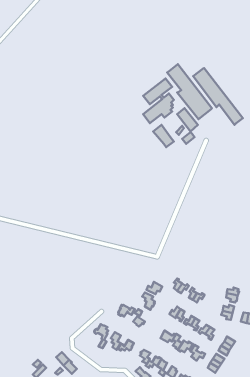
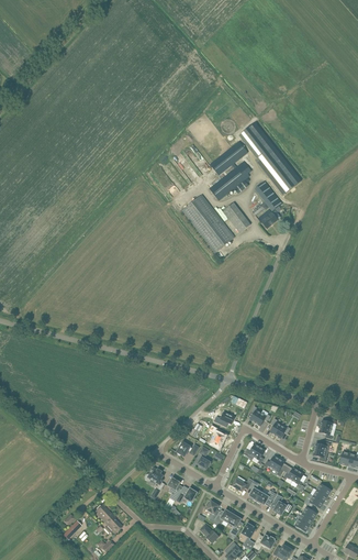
building: [193,68,243,125] -> none
building: none -> [182,195,235,252]

